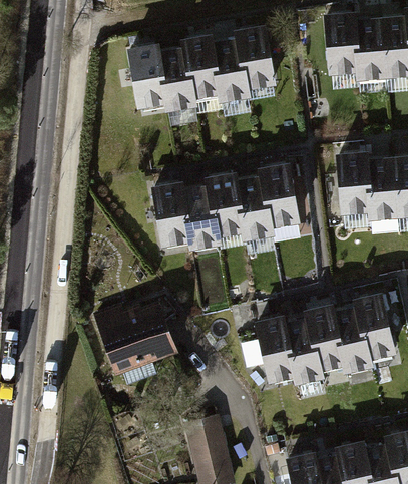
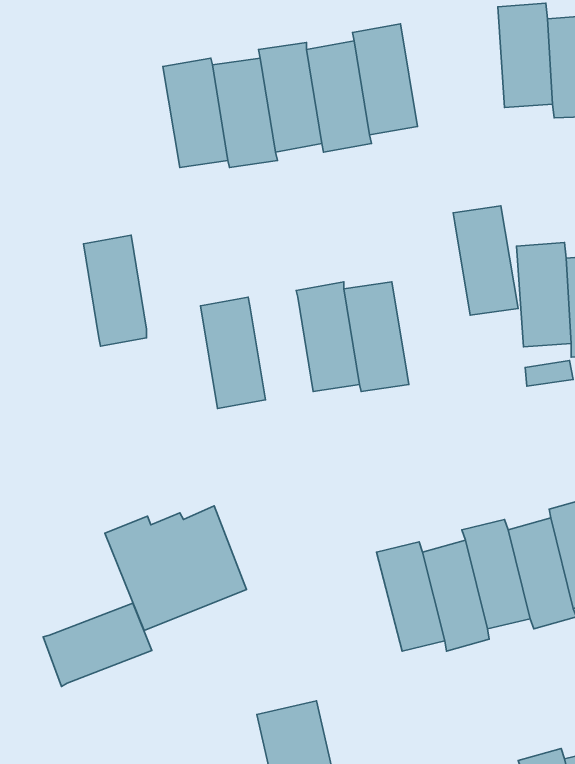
building: [263,163,301,227] -> [453,206,518,315]
building: [180,182,218,248] -> [83,235,147,346]
building: none -> [43,603,152,686]

